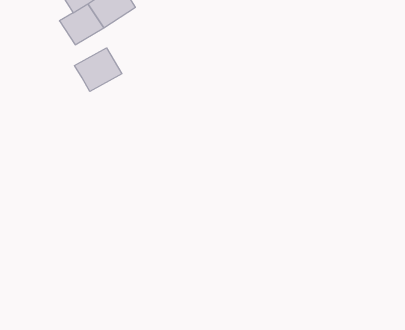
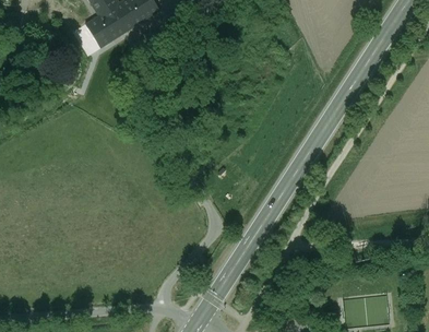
building: [74,48,122,91] -> none

